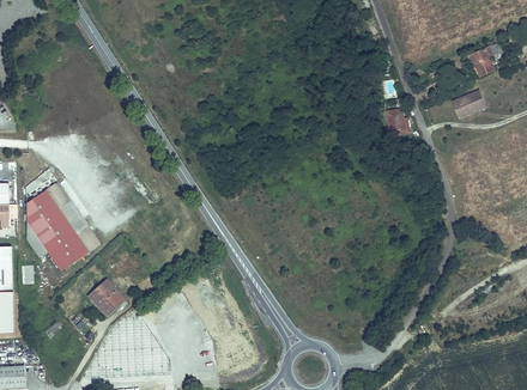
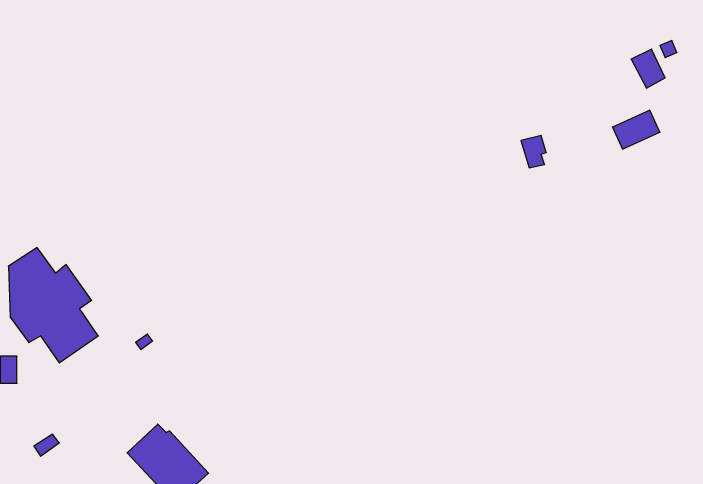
building: [87,281,122,316] -> none

